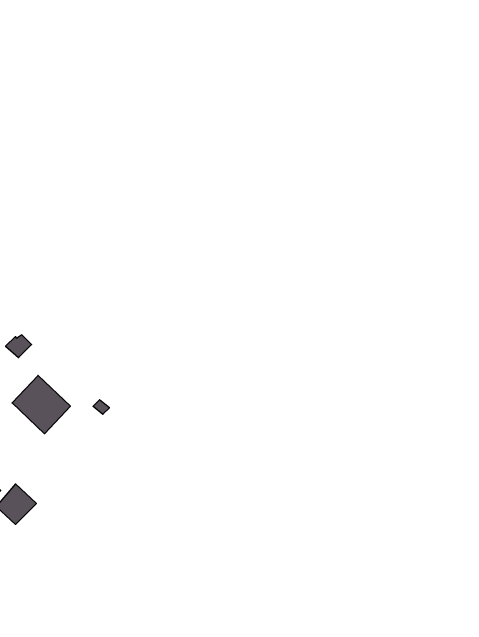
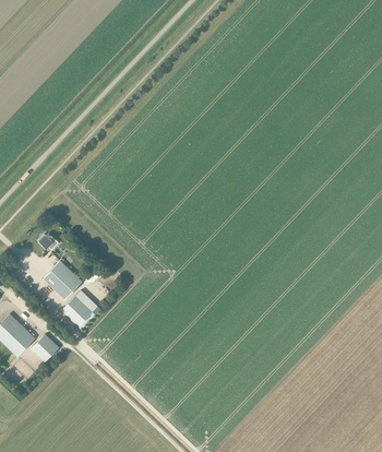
building: none -> [62,296,92,326]

